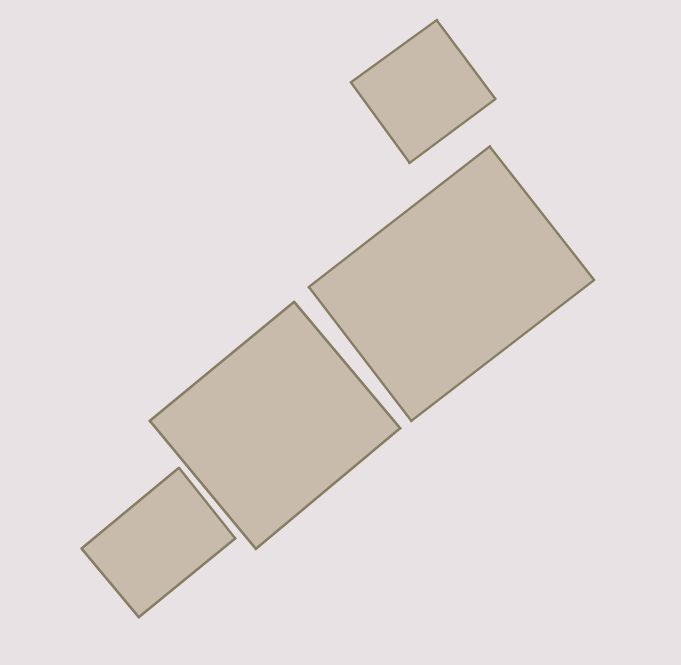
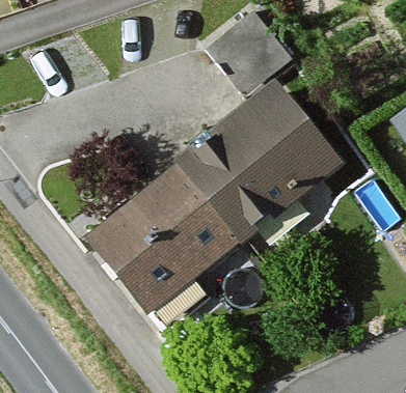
building: [82,468,235,617] -> none

